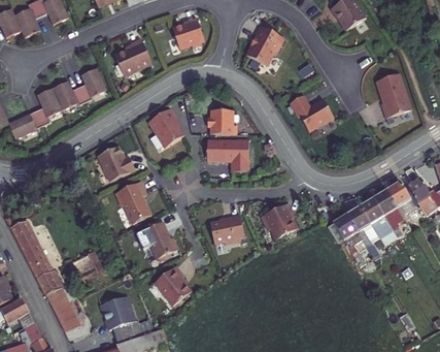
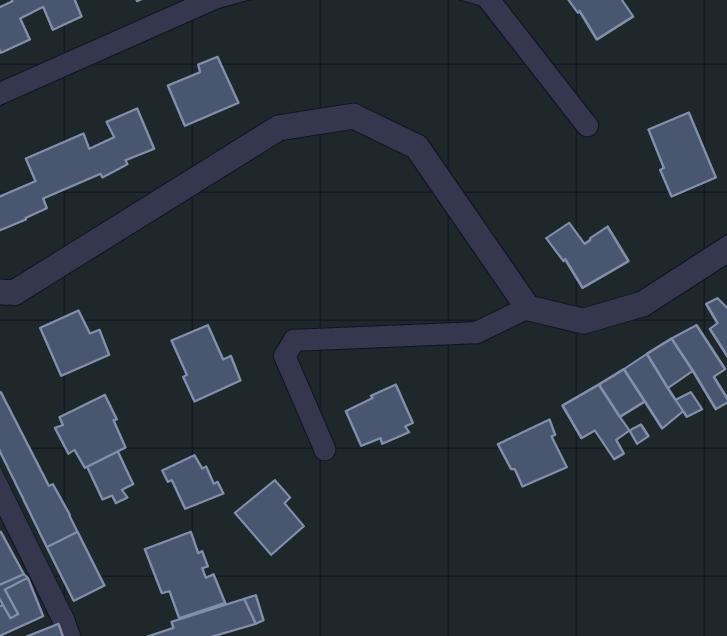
building: [173,18,205,49] -> none
building: [246,30,283,68] -> none
building: [289,95,333,130] -> [546,223,628,288]
building: [147,108,183,149] -> none
building: [211,110,240,135] -> none
building: [211,141,253,173] -> none
building: [97,147,134,182] -> [40,311,109,376]
building: [263,202,300,238] -> [498,419,567,486]
building: none -> [55,395,126,468]
building: [141,224,174,253] -> [162,455,223,509]

